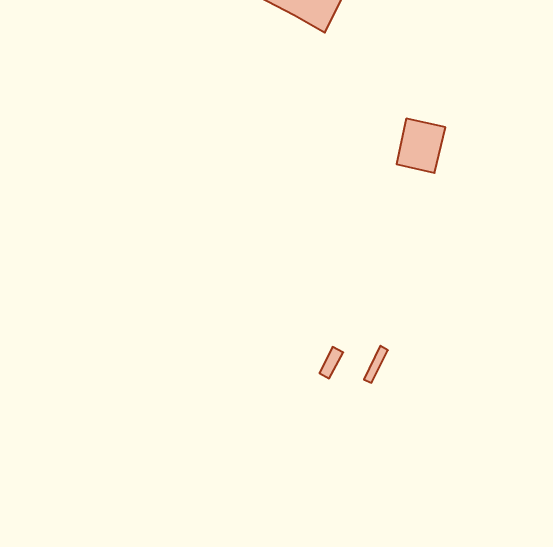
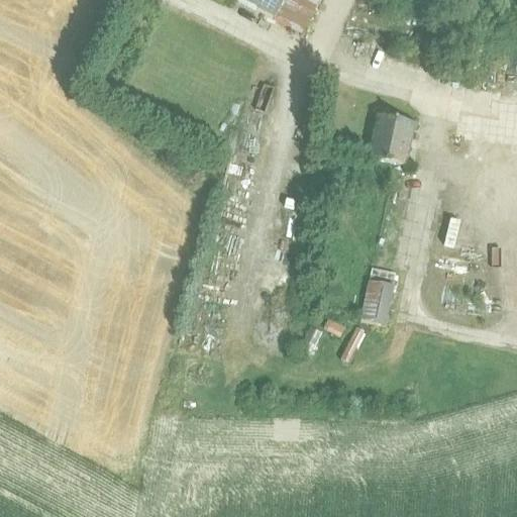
building: none -> [361,276,395,321]

